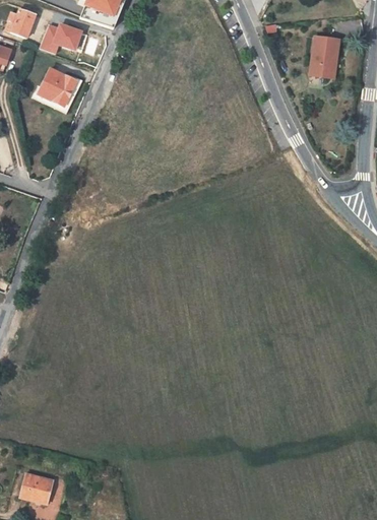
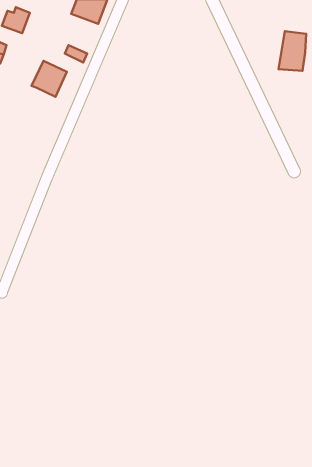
building: [41,23,82,53] -> none
building: [17,475,50,507] -> none

